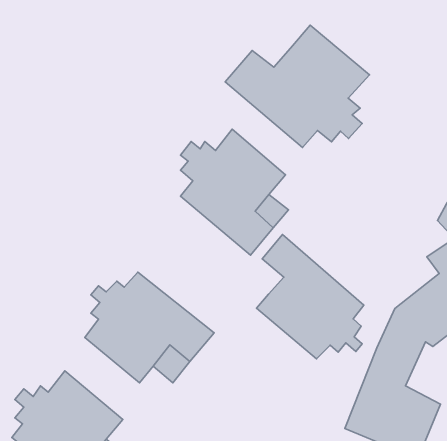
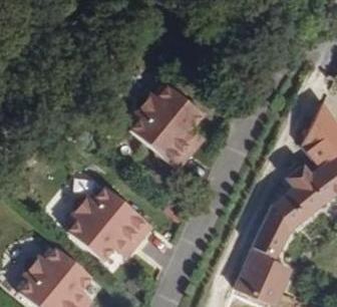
building: [225,25,370,147] -> none
building: [256,234,364,359] -> none

